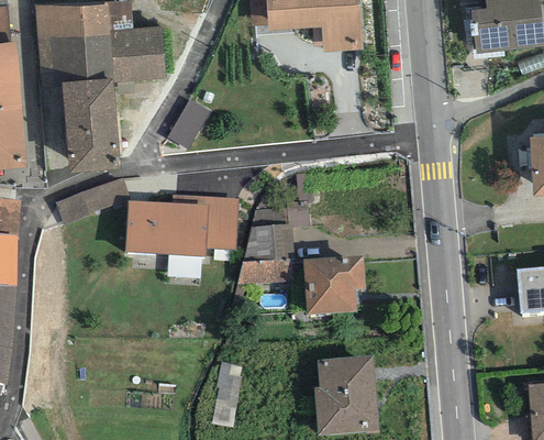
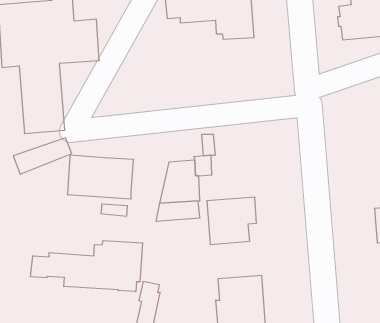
building: [169,98,208,146] -> none
building: [171,194,238,249] -> none
building: none -> [31,241,142,292]

